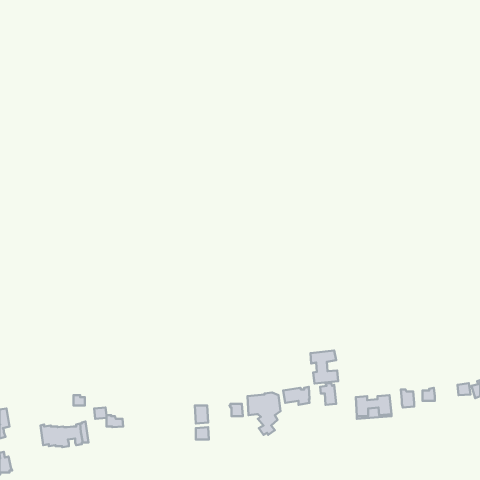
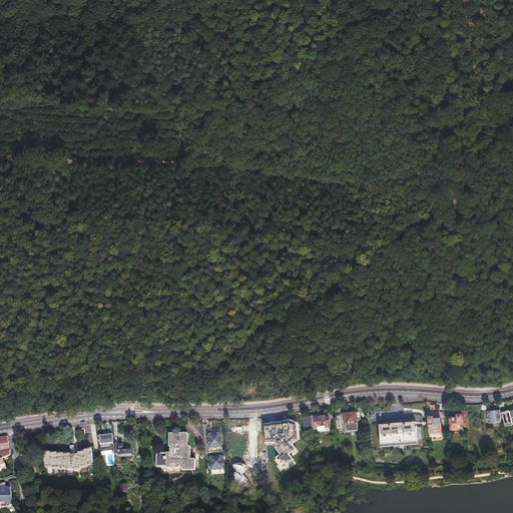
building: [310,350,338,383] -> none
building: none -> [155,433,194,469]

